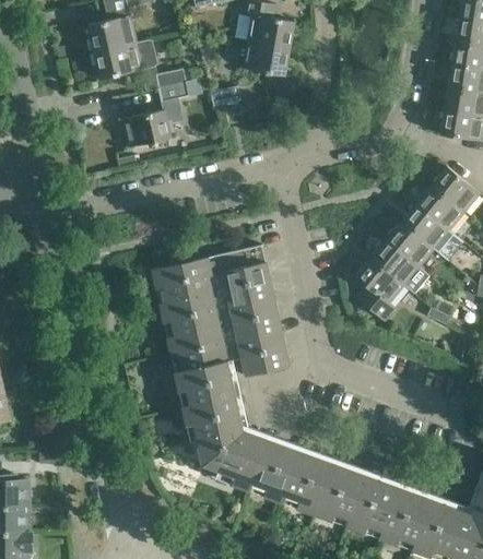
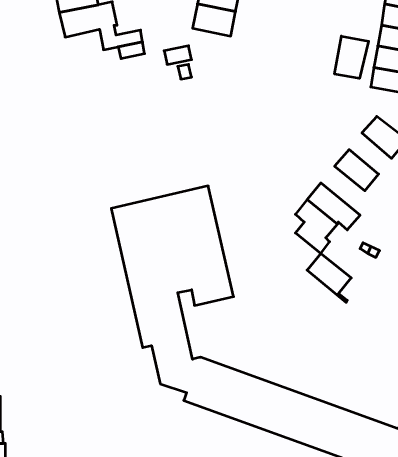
building: none -> [335,36,369,78]
building: [121,109,169,145] -> none
building: [416,185,463,230] -> none
building: [385,222,434,276] -> [307,253,351,302]

